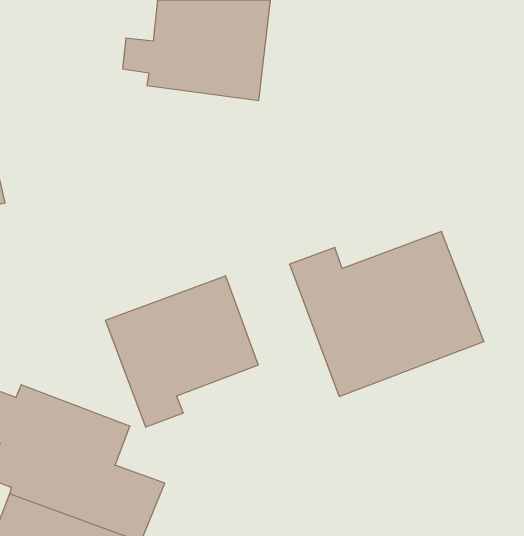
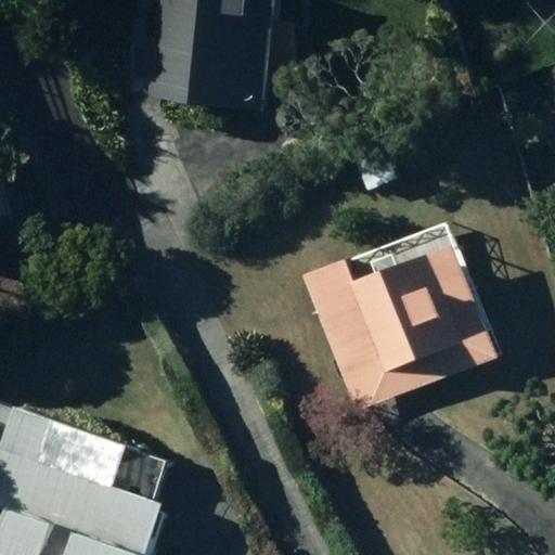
building: [106,276,258,427] -> none

